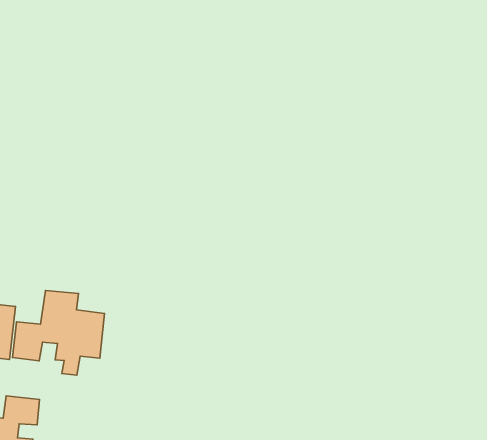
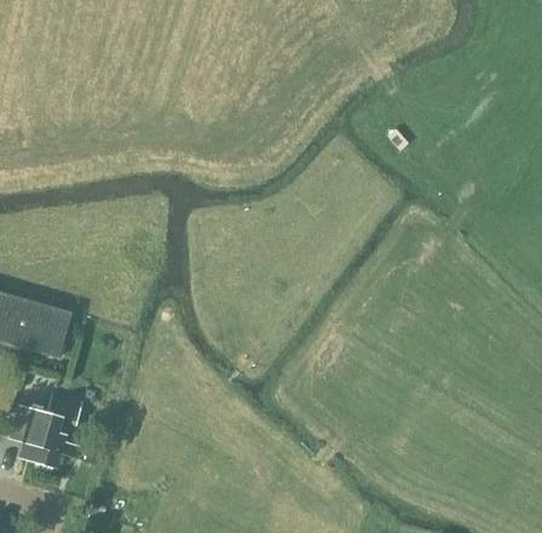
building: [12,291,104,375] -> none

